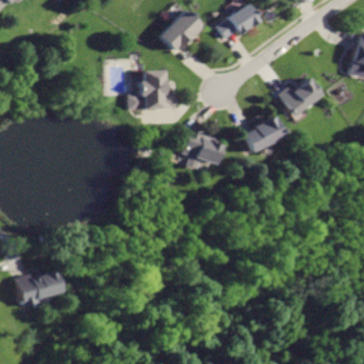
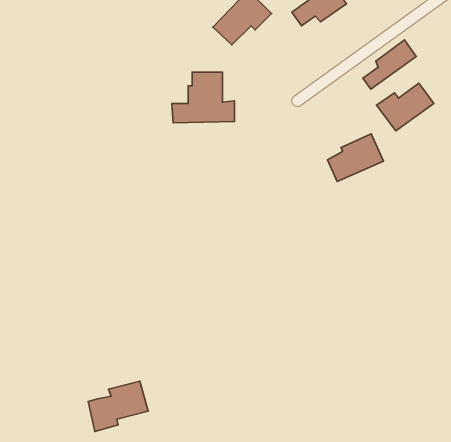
building: none -> [363,40,416,89]
building: [183,129,223,166] -> none
building: [15,270,59,307] -> [88,381,148,432]

